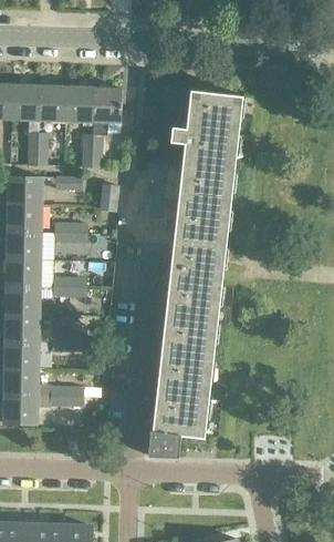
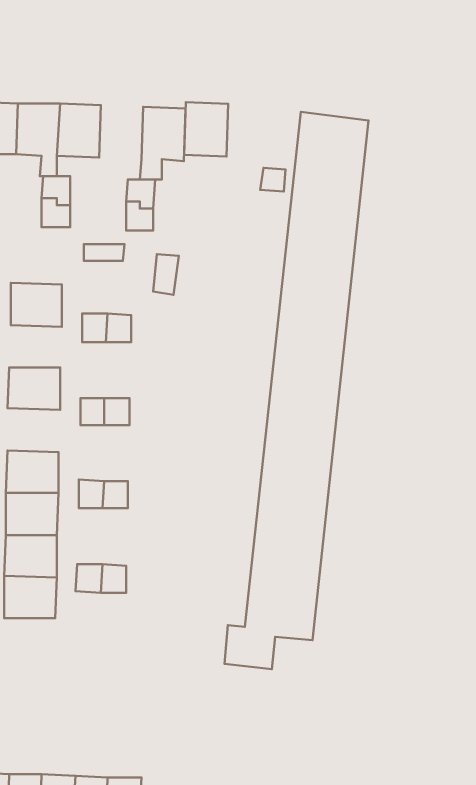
building: [65,86,94,122] -> [184,102,228,156]
building: [8,176,42,204] -> none
building: [7,231,41,258] -> none
building: [6,285,40,314] -> none

